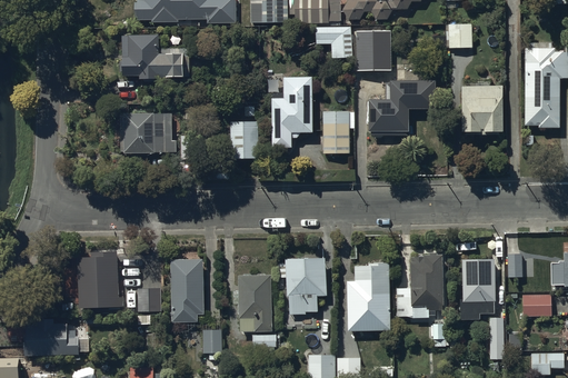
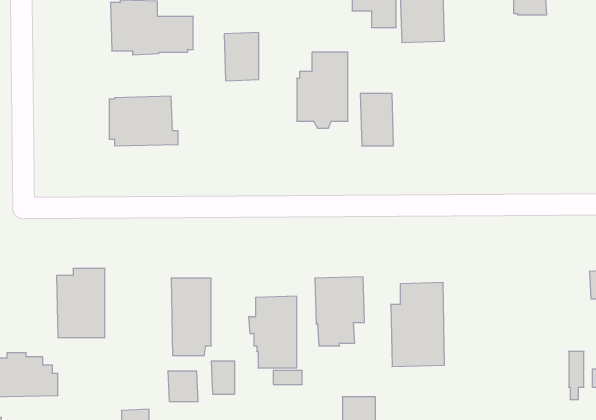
building: [367,78,435,129] -> none
building: [461,86,504,132] -> none
building: [230,120,258,159] -> [224,33,259,81]
building: [397,252,444,317] -> none
building: [460,259,495,319] -> none
building: [137,287,161,311] -> [168,371,198,402]

